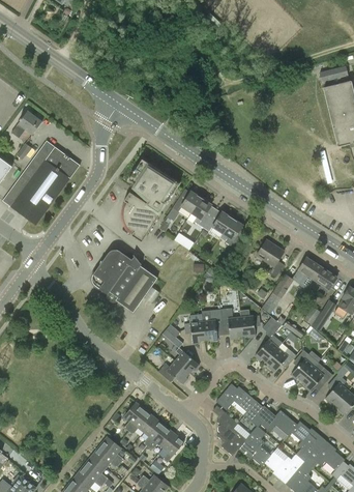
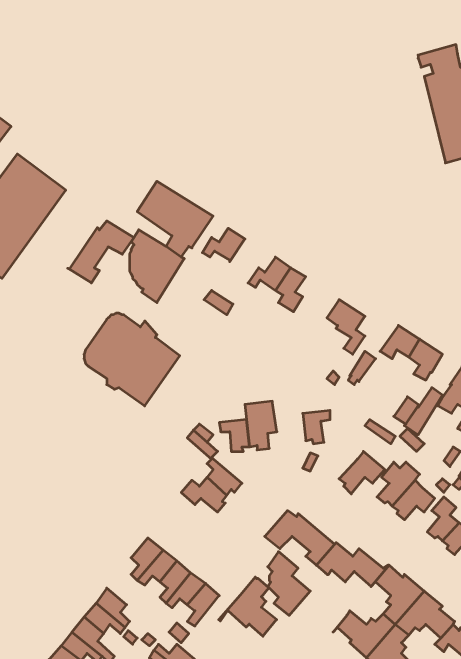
building: none -> [68,221,134,283]
building: [187,198,212,228] -> none
building: [220,308,243,339] -> none
building: [256,317,282,361] -> none
building: [232,426,271,466] -> [219,577,277,636]

